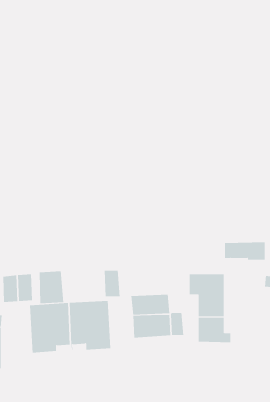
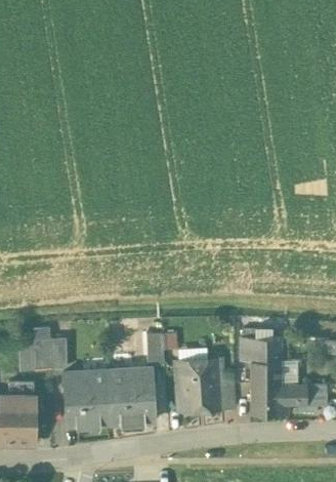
building: [224,242,266,260] -> [281,385,327,405]
building: [39,271,64,304] -> none

